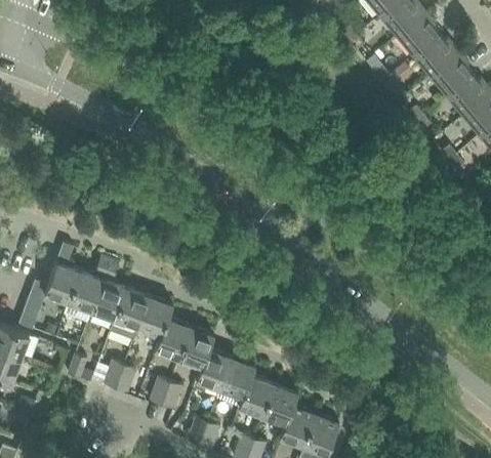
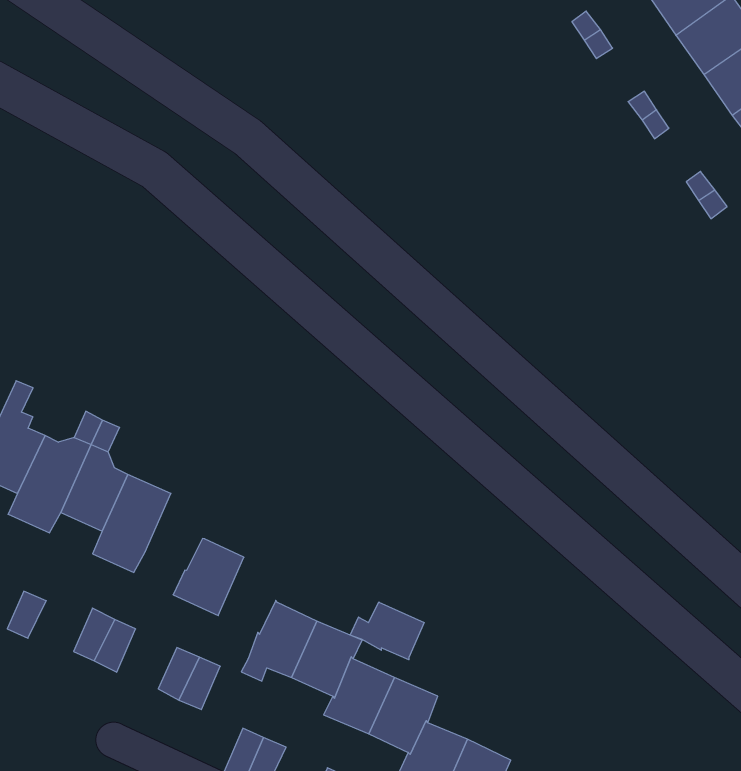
building: [137,296,172,336] -> none
building: [178,327,214,367] -> none
building: none -> [350,602,424,660]

